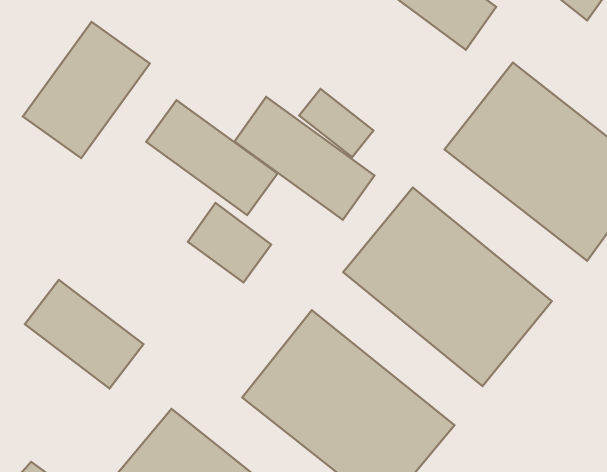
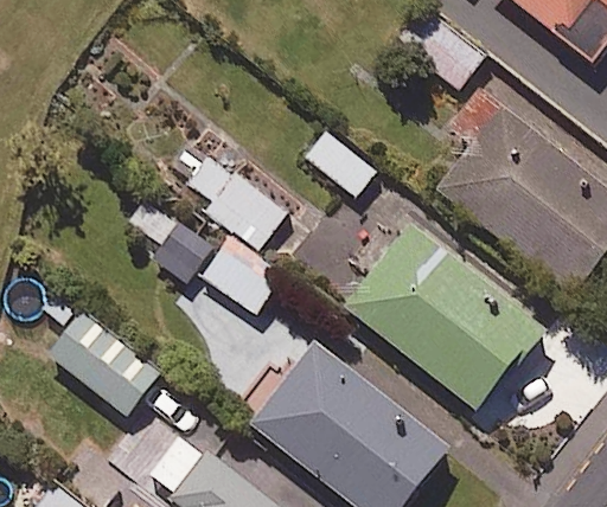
building: [23,22,150,158] -> none
building: [235,97,374,220] -> none

